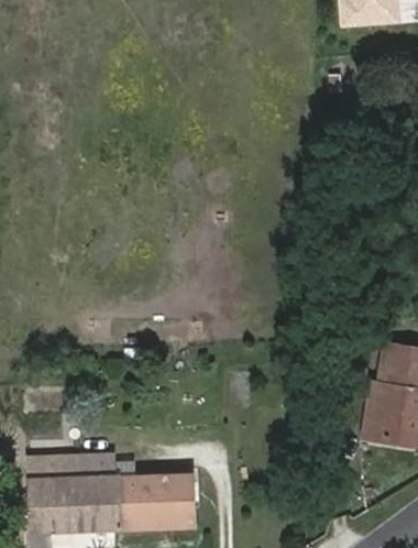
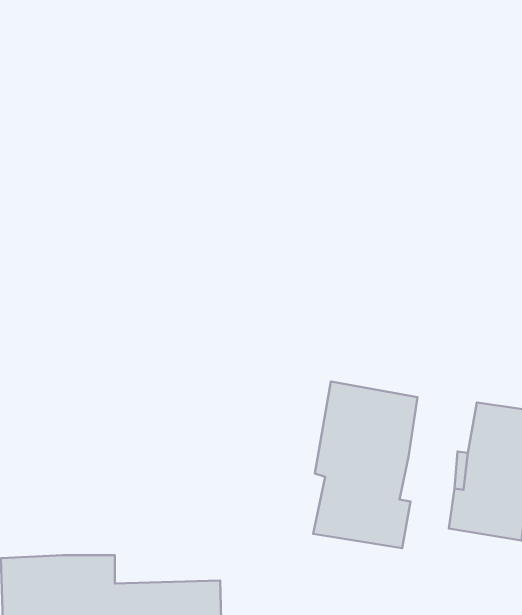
building: none -> [313,382,417,548]

